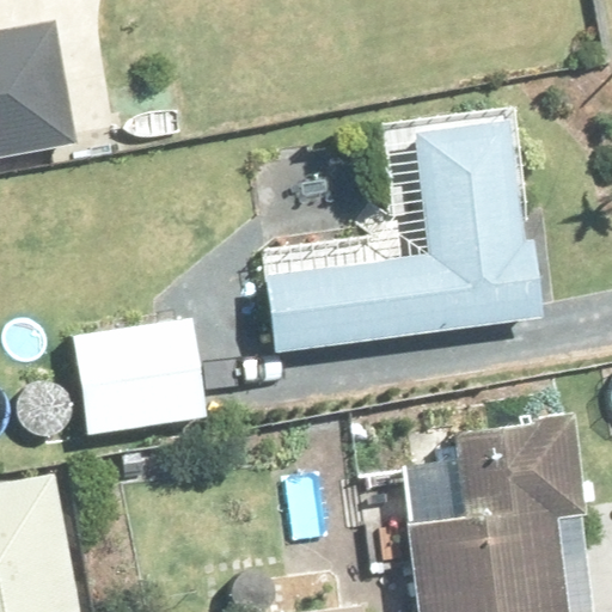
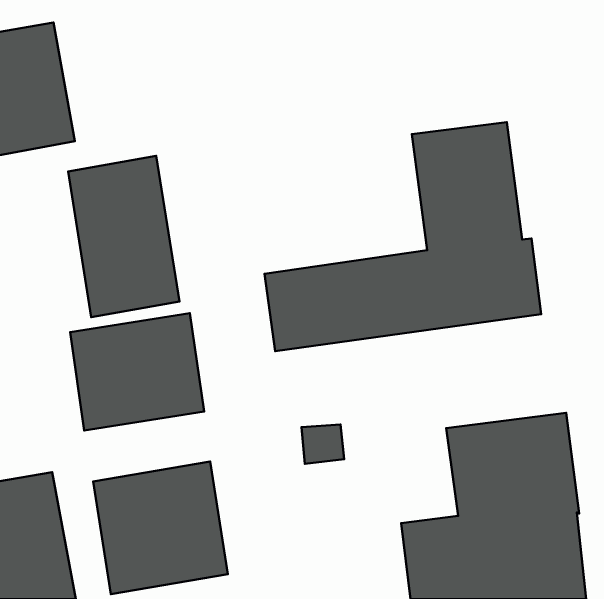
building: none -> [68,156,179,317]
building: none -> [93,462,228,594]

